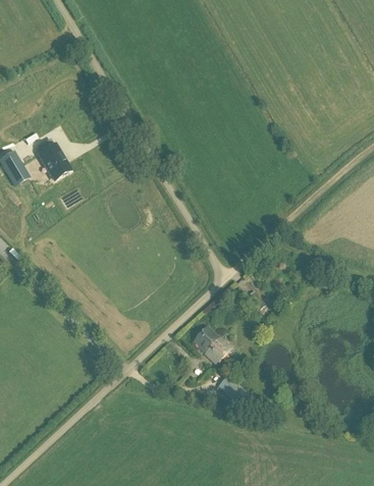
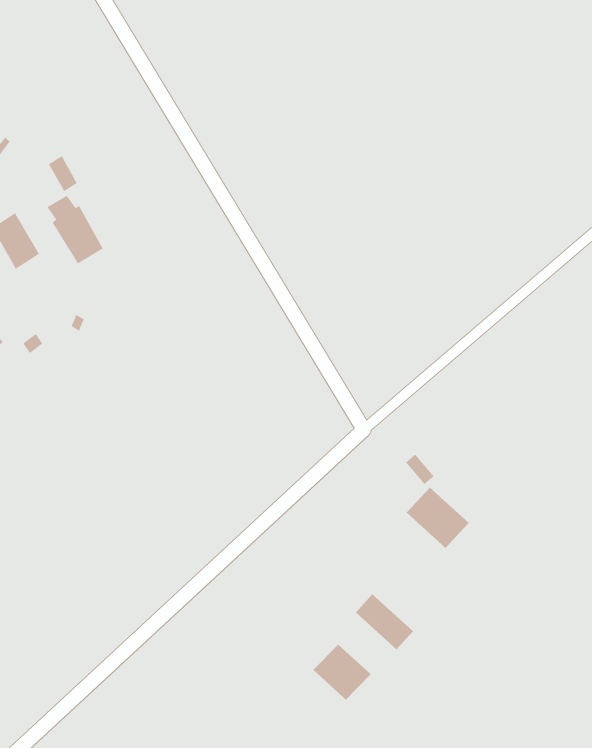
building: [191,326,228,363] -> [406,487,469,549]
building: none -> [313,644,371,700]

